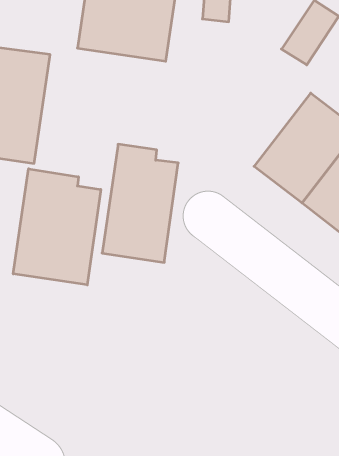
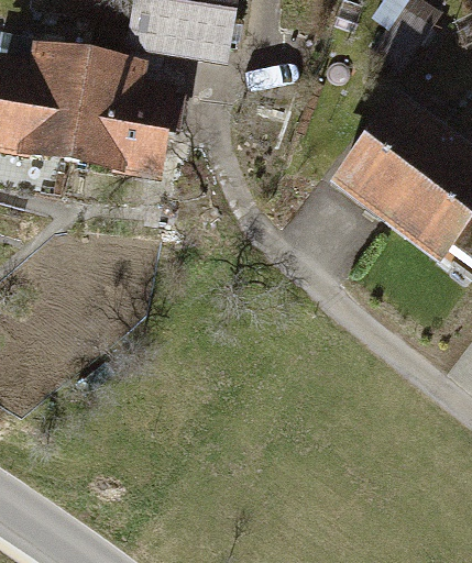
building: [102,144,178,262] -> [77,65,166,203]
building: [13,169,101,285] -> none

